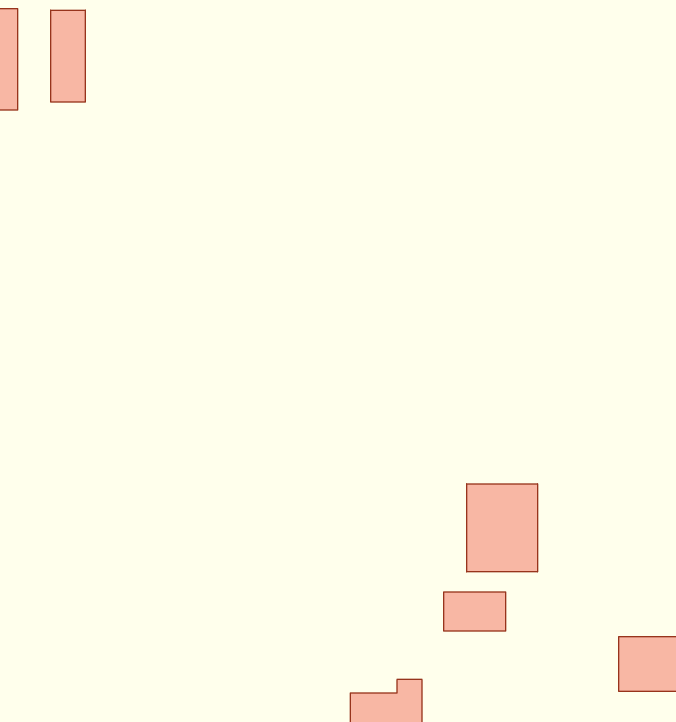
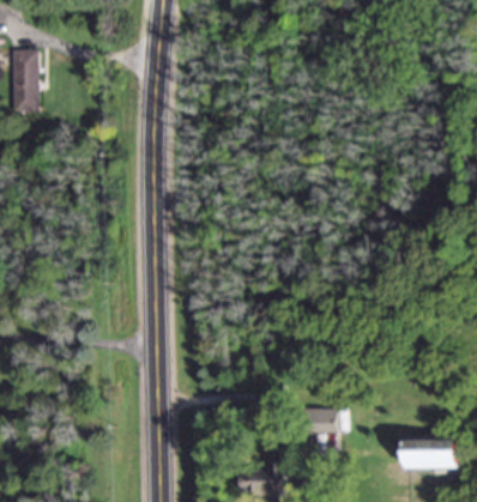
building: [51,10,85,102] -> none
building: [467,484,537,572] -> none

